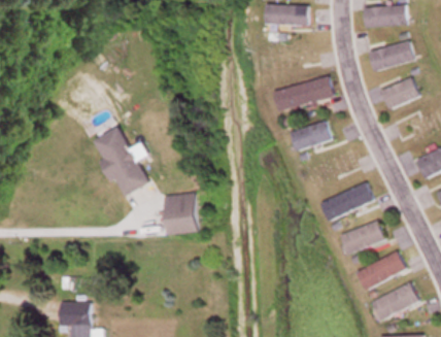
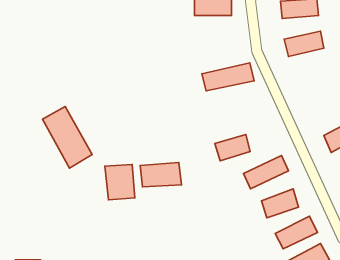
building: [381,78,418,107] -> none
building: [291,122,331,151] -> [215,134,250,161]
building: none -> [140,162,181,187]

